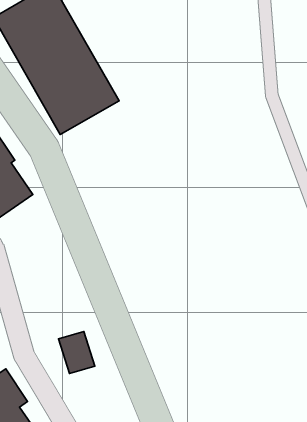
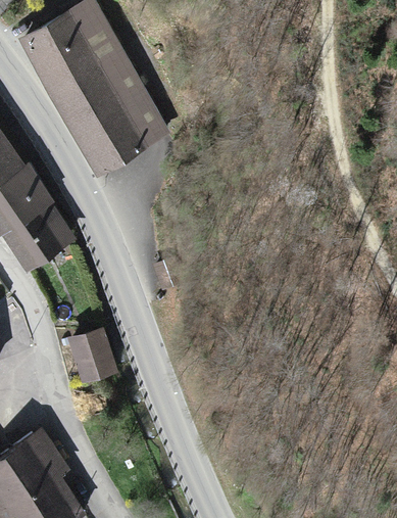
building: [58,332,95,373] -> [72,330,113,377]

